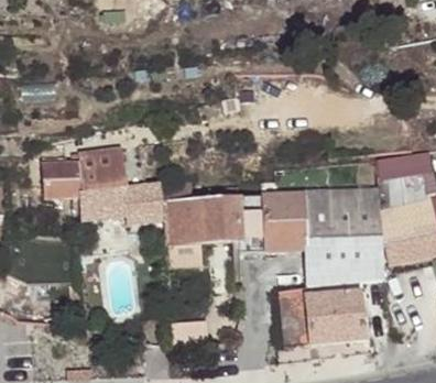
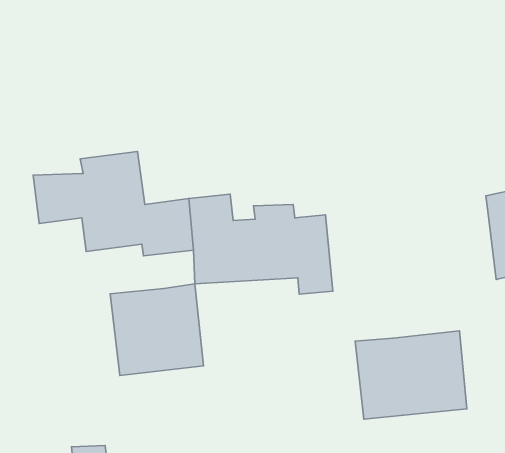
building: [258,187,386,284] -> none
building: none -> [110,284,204,376]

